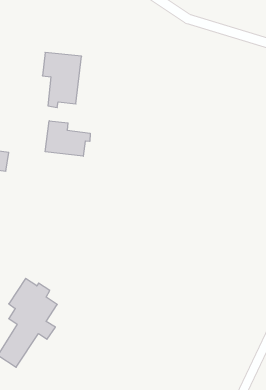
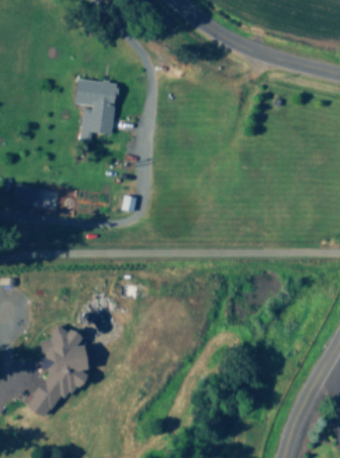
building: [45,121,90,156] -> none

